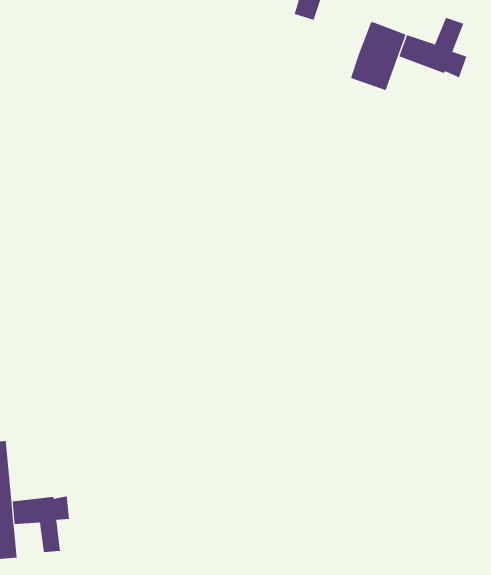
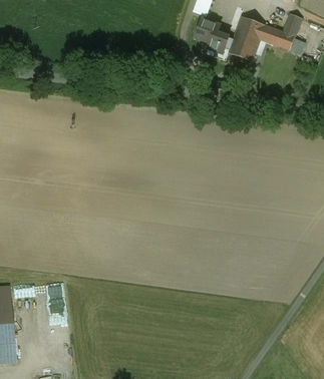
building: none -> [196,18,235,57]
building: [12,496,69,553] -> none

